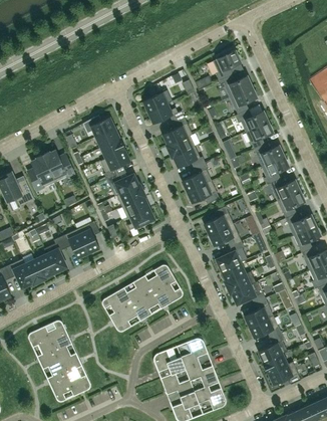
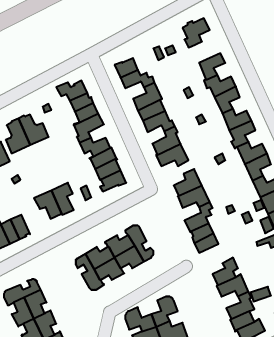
building: [222,74,252,96] -> none
building: [46,236,67,273] -> none
building: [230,280,265,303] -> none

